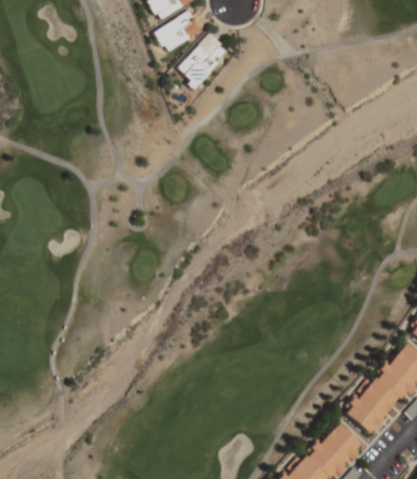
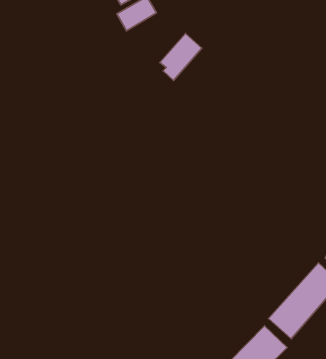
building: [179,32,232,90] -> [160,34,202,80]

